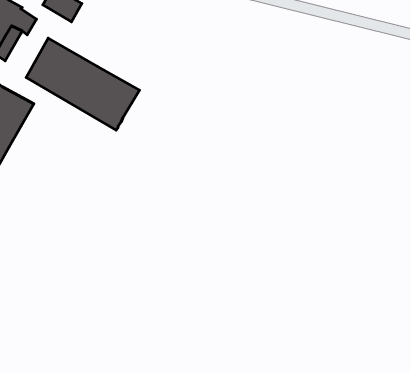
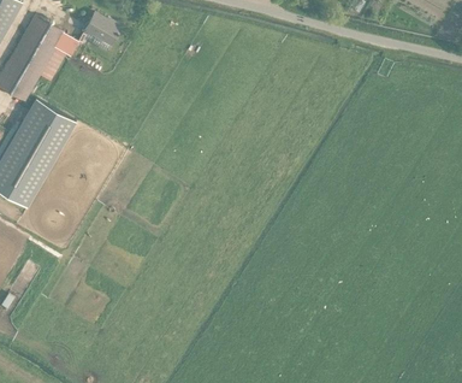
building: [26,38,139,130] -> none

